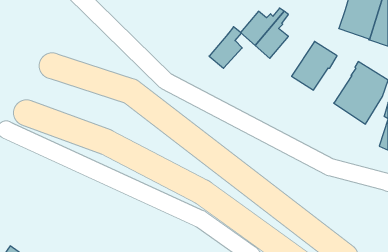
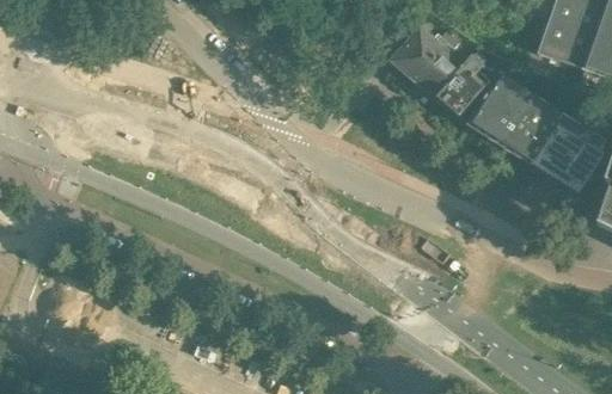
building: [209,27,242,68] -> [435,55,484,116]
building: none -> [500,94,562,164]

